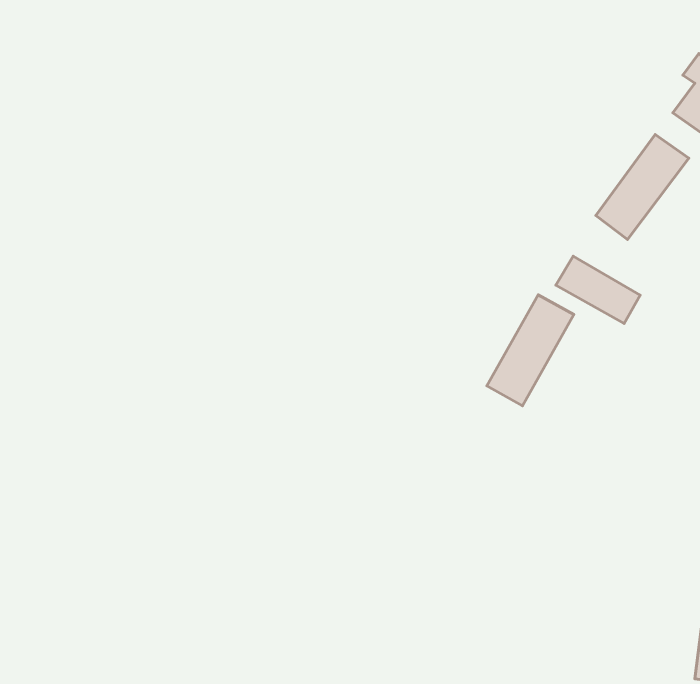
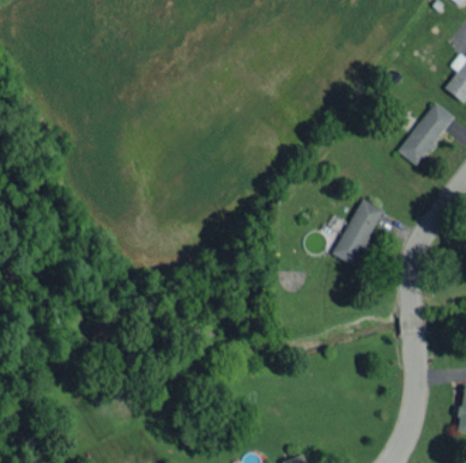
building: [556,256,640,324] -> none

